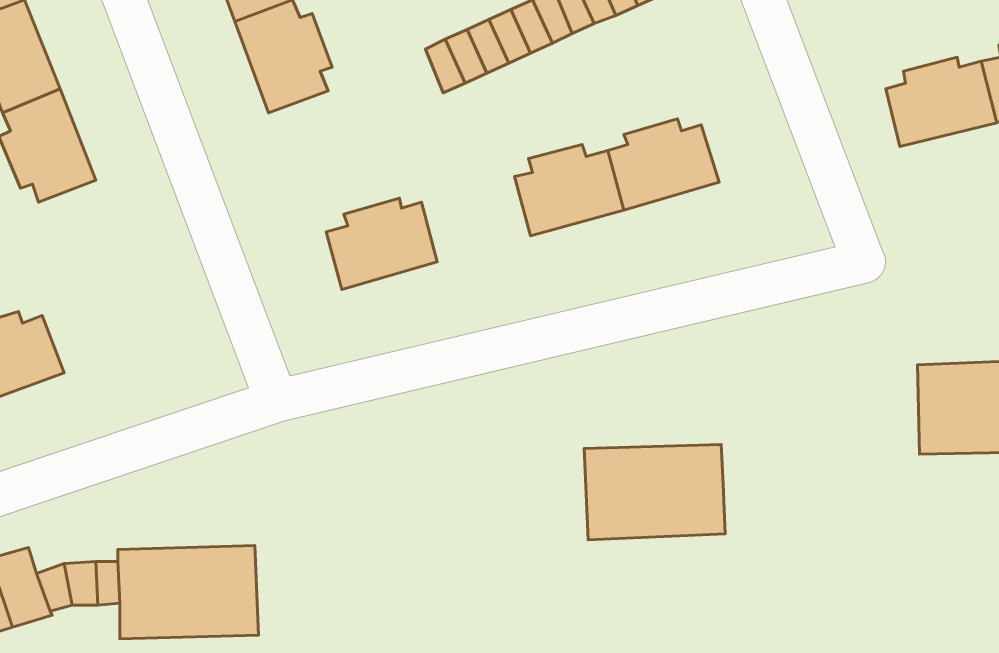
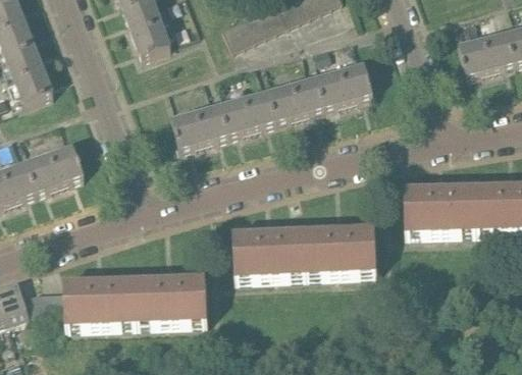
building: none -> [220,89,276,136]
building: none -> [25,145,84,193]
building: none -> [405,189,476,235]
building: none -> [233,231,306,281]
building: none -> [135,278,207,327]

